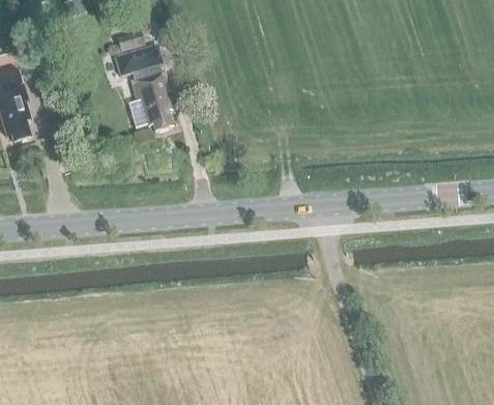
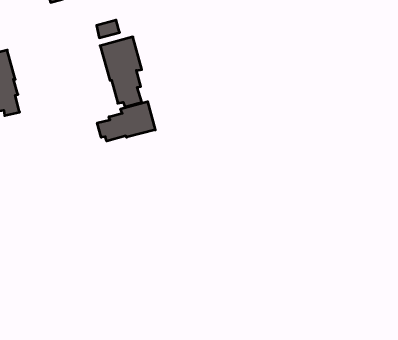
building: none -> [97,102,155,141]

